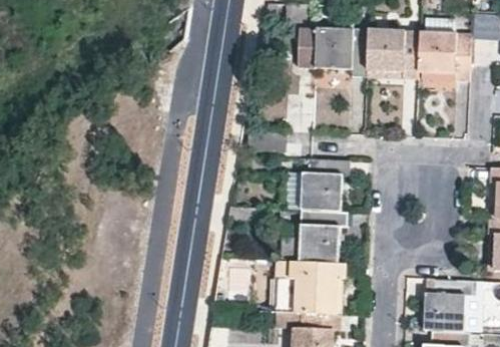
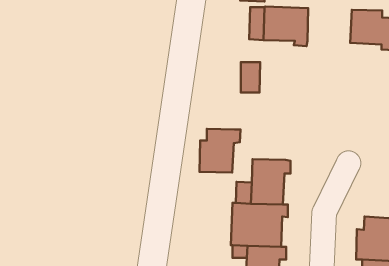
building: [367,31,420,78] -> none
building: [302,159,351,212] -> [199,129,241,173]

